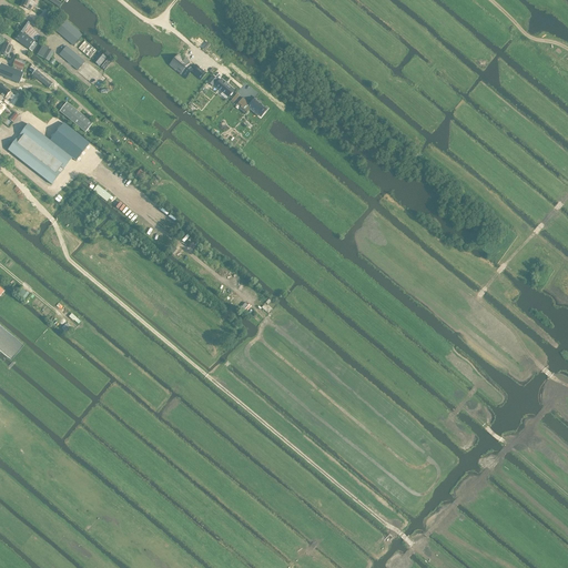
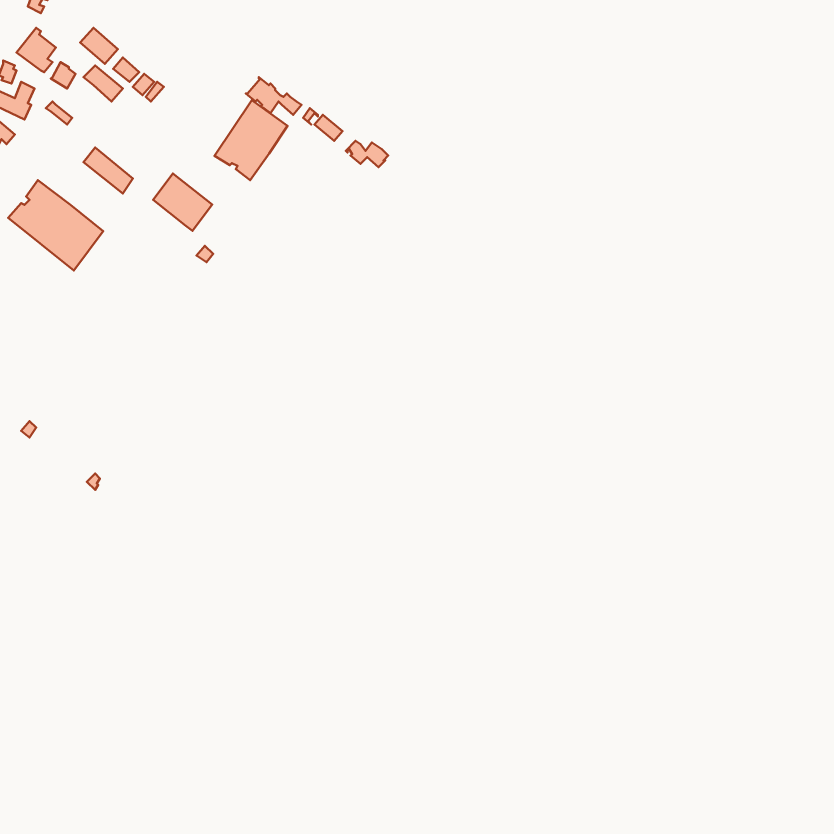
building: none -> [215,100,288,180]
building: [48,121,88,160] -> [153,173,212,231]

